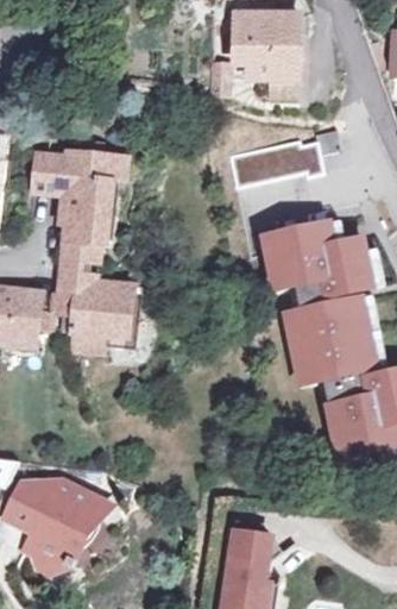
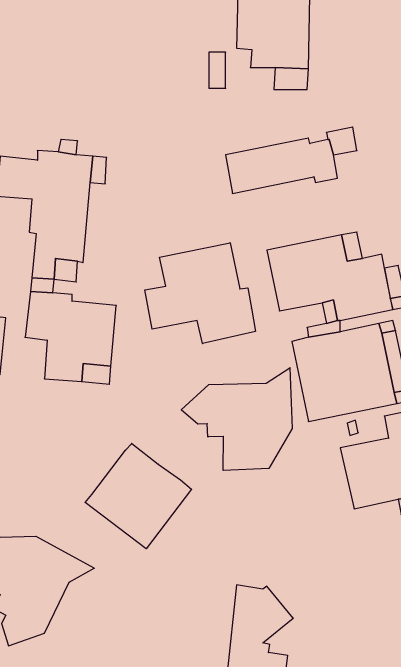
building: none -> [145,243,255,344]
building: none -> [181,368,292,470]
building: none -> [85,443,192,549]

